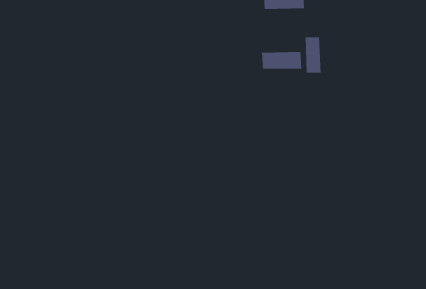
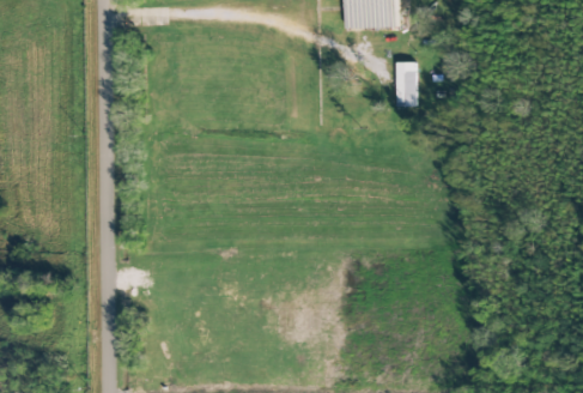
building: [262,51,302,70] -> none

